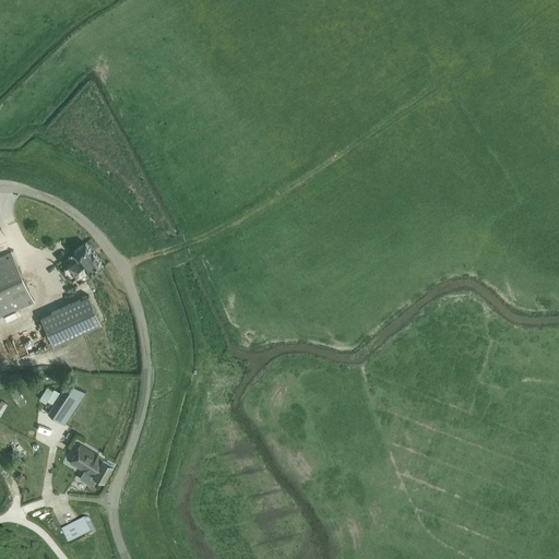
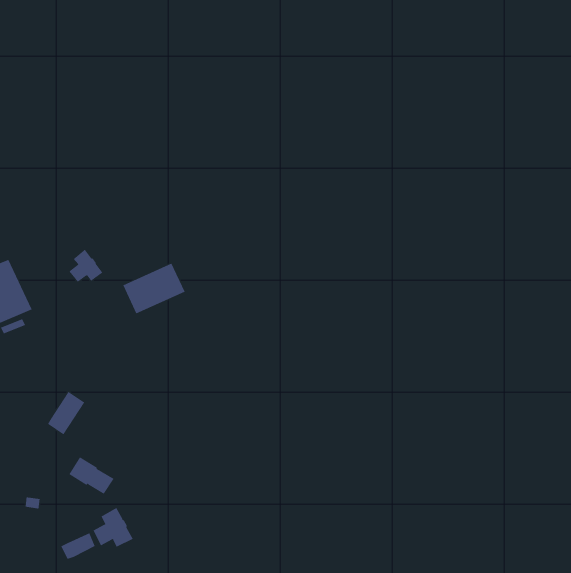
building: [38,295,99,345] -> [123,263,185,314]
building: none -> [93,507,134,548]

